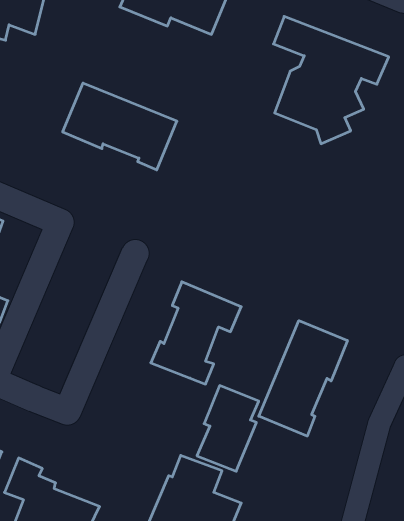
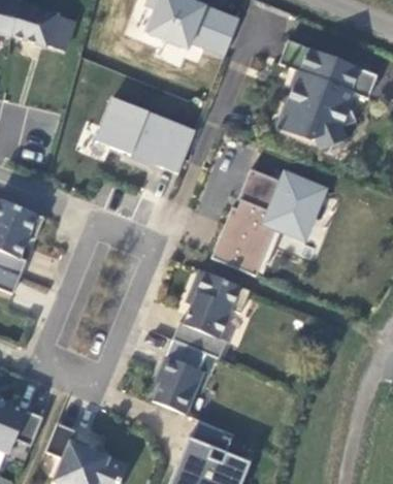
building: none -> [210,169,321,276]
building: [259,321,347,436] -> none
building: [197,386,259,471] -> [152,340,205,414]

